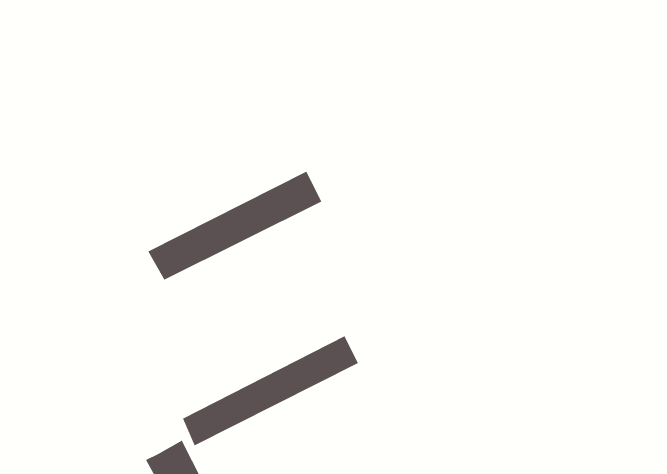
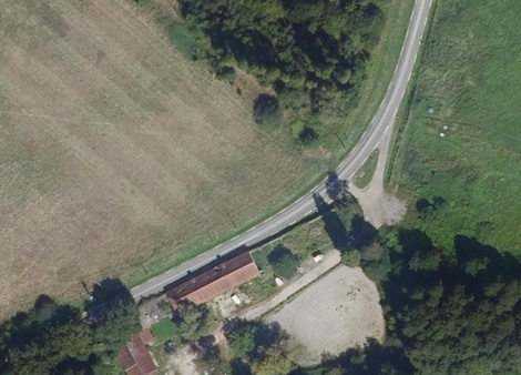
building: [147,171,322,281] -> none

